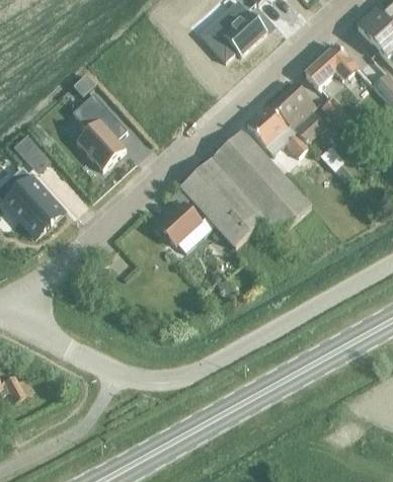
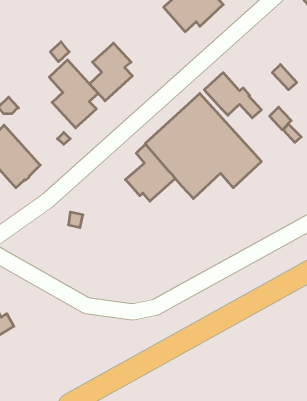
building: [305,45,353,86] -> none
building: none -> [90,43,132,101]
building: [270,82,325,143] -> none

